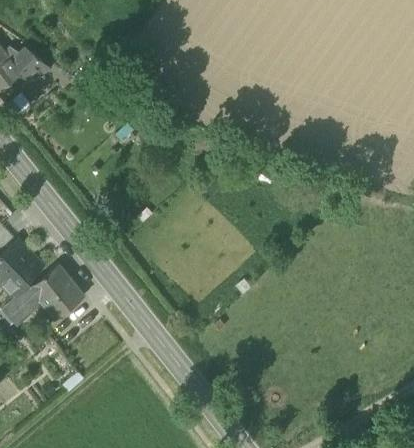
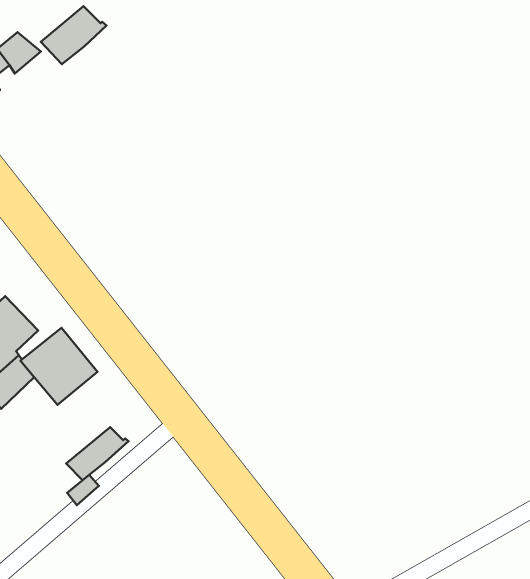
building: none -> [41,6,107,64]
building: none -> [66,427,129,480]

